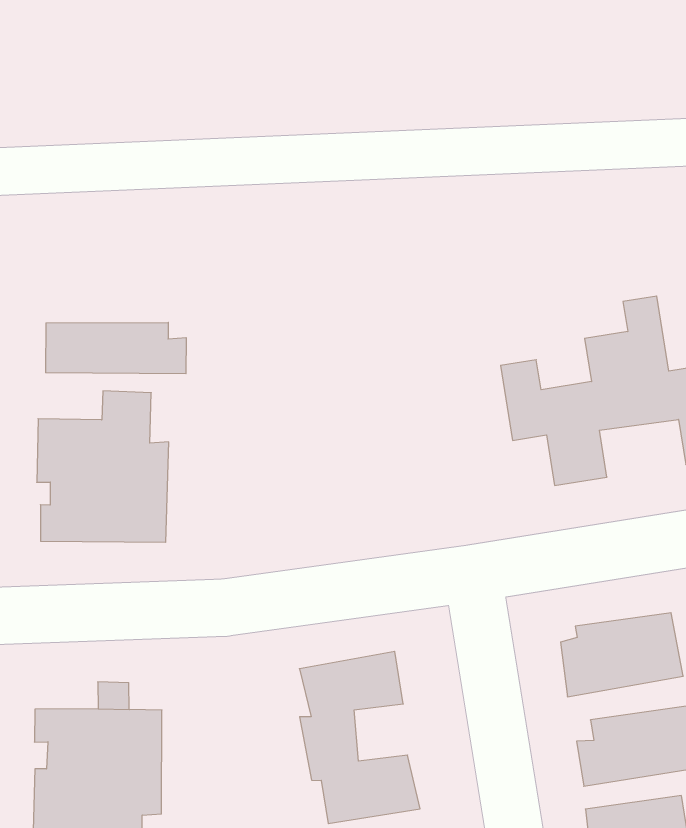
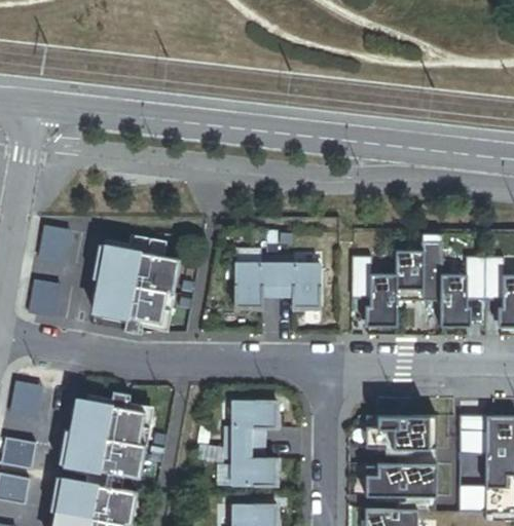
building: [46,322,186,374] -> none
building: none -> [227,265,309,310]

